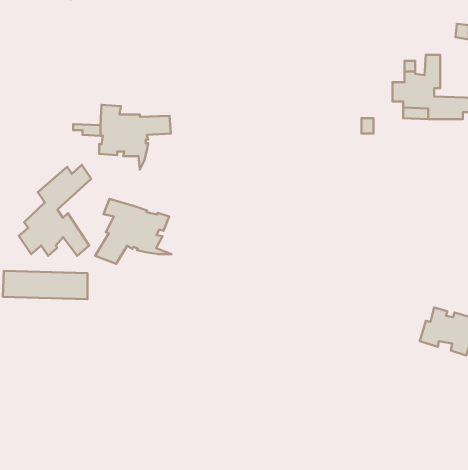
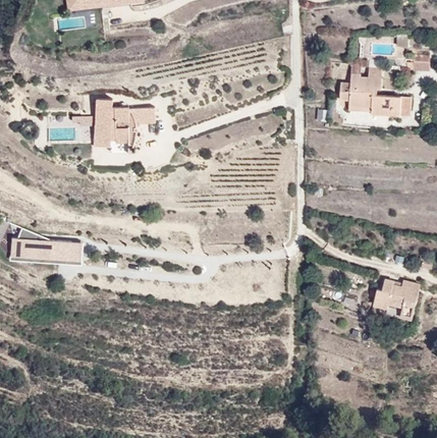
building: [19,165,91,256] -> none
building: [95,199,172,264] -> none

